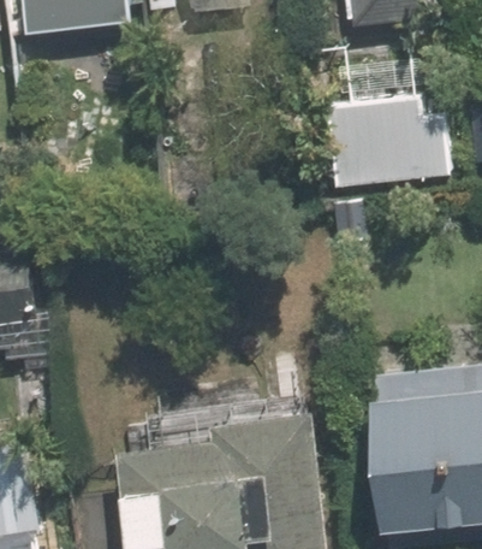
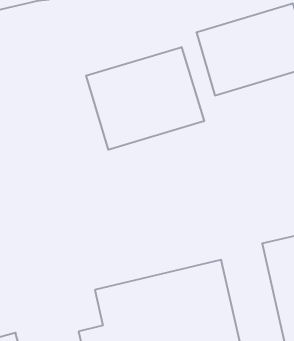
building: none -> [86,47,204,150]

